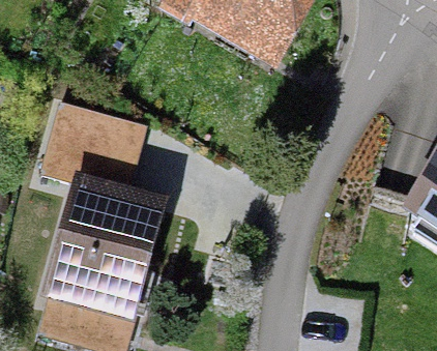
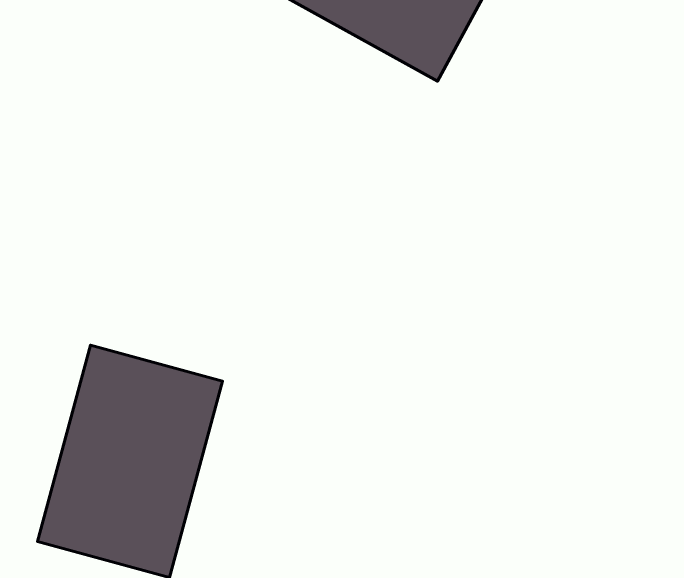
building: [43,108,140,198] -> none

